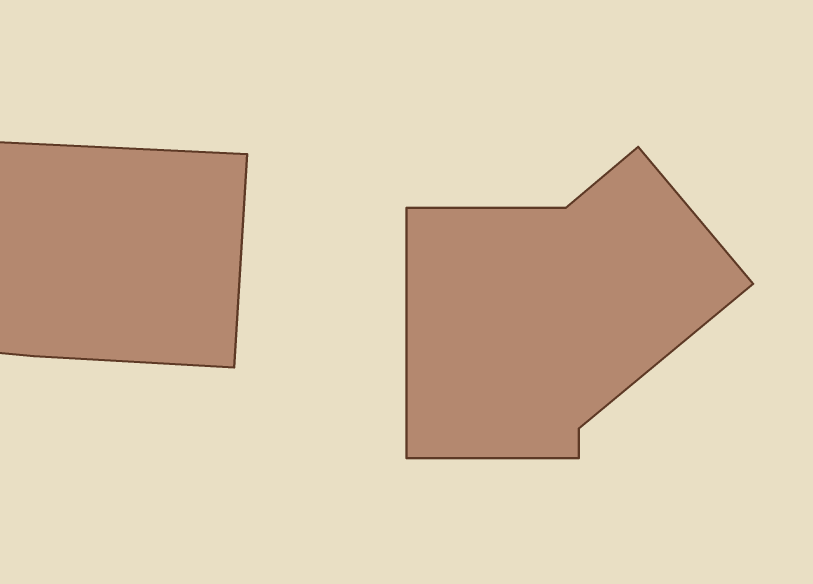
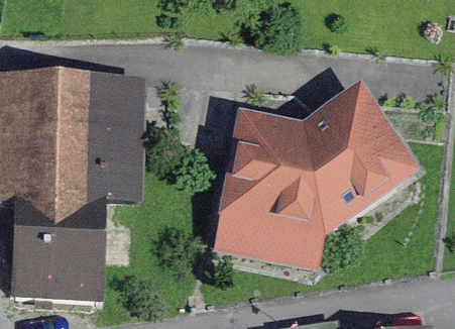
building: none -> [18,198,133,307]

